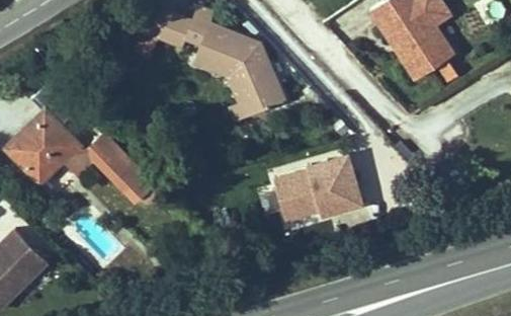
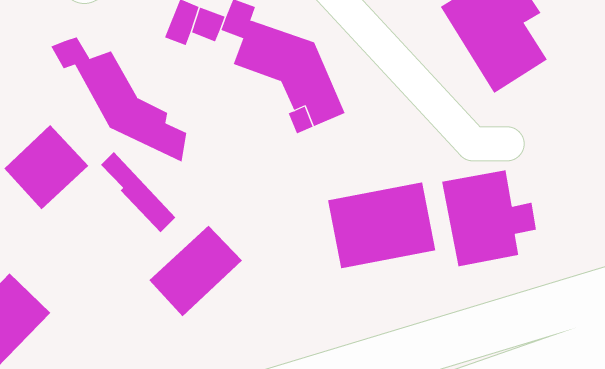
building: none -> [50,36,187,162]
building: none -> [442,169,537,267]
building: none -> [149,225,243,317]

